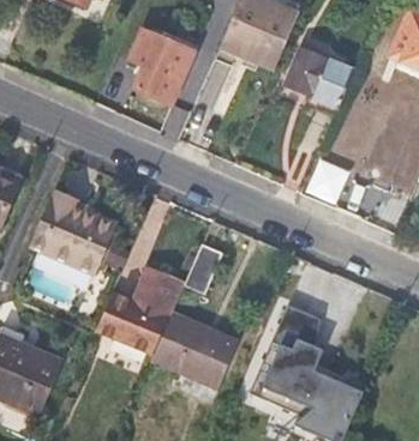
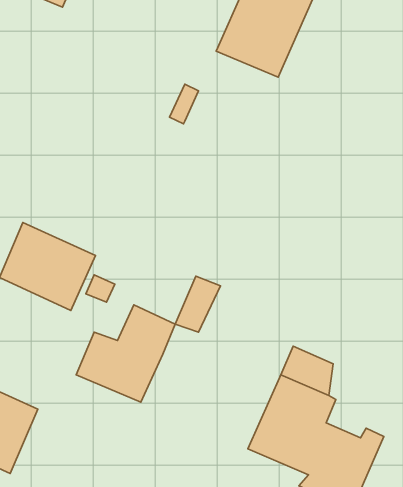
building: [130,29,194,103] -> none
building: [285,47,355,108] -> none
building: [151,312,240,388] -> none

